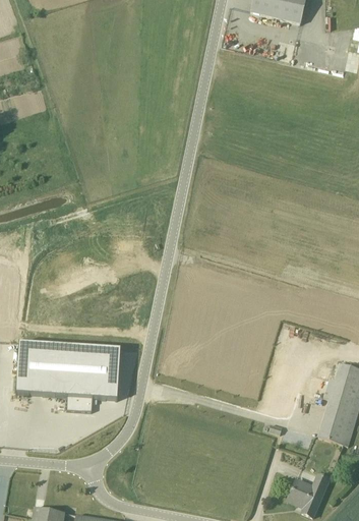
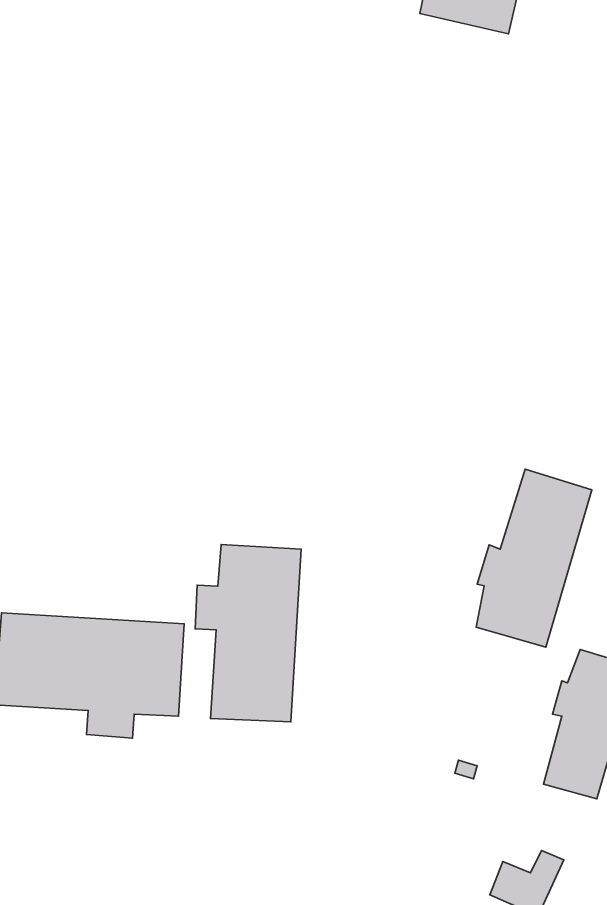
building: none -> [476,469,592,647]
building: none -> [195,544,301,722]

